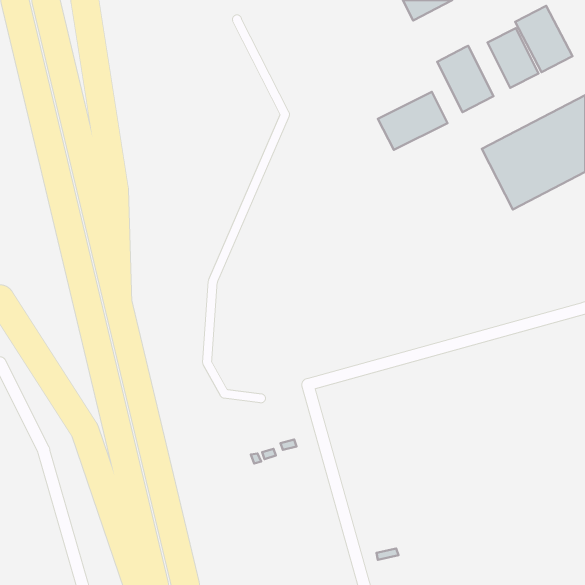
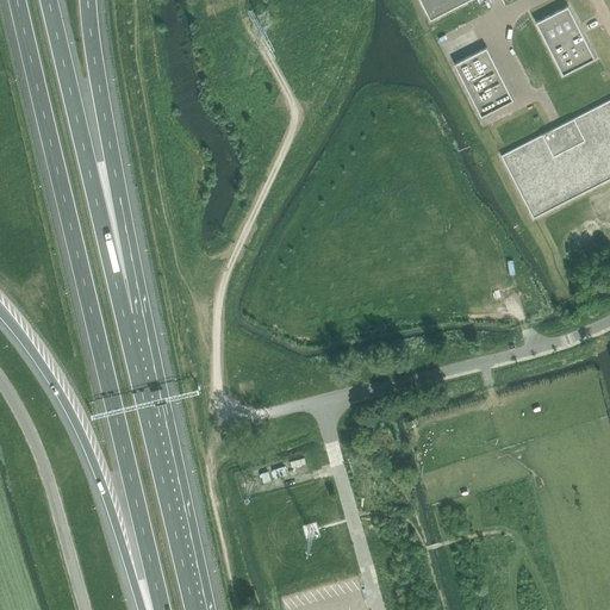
building: [487,28,539,88] -> none
building: [378,92,448,150] -> none

